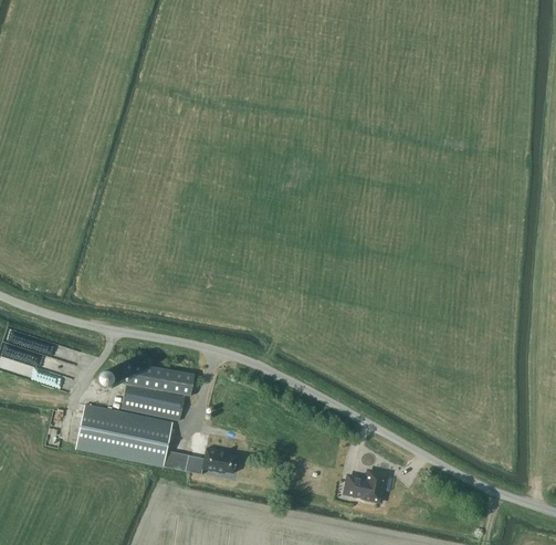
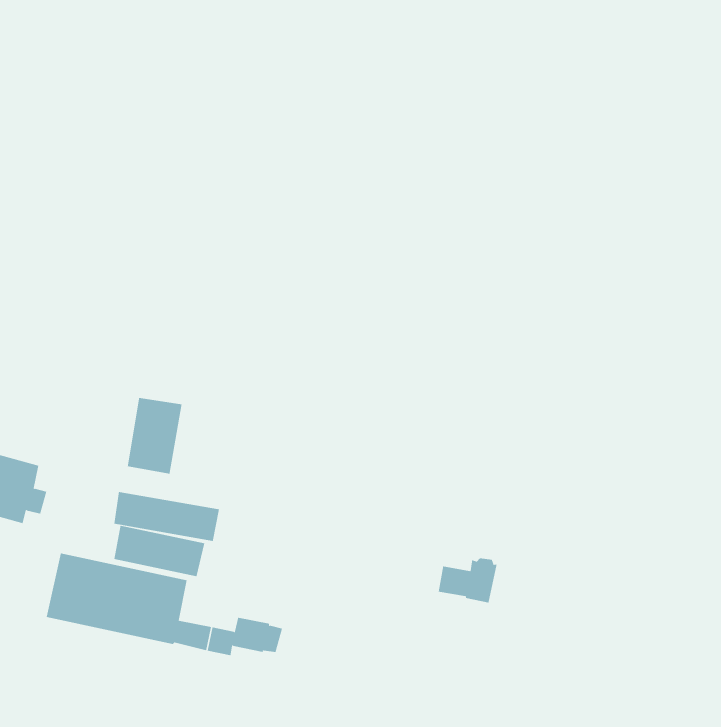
building: none -> [127,397,182,475]
building: [345,471,386,502] -> [438,558,497,603]

